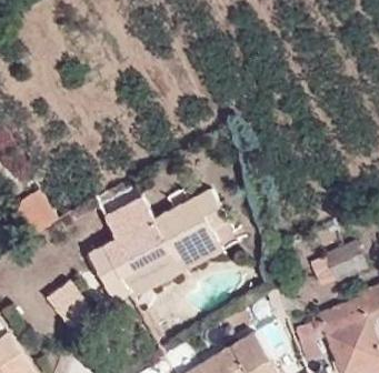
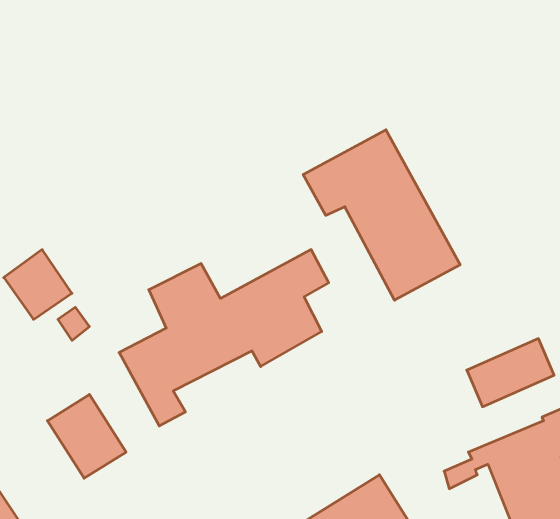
building: none -> [303,130,460,300]
building: [122,240,222,298] -> none

